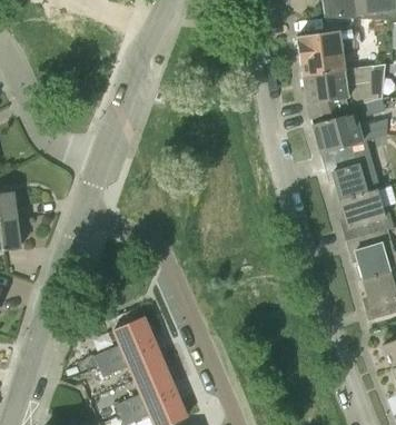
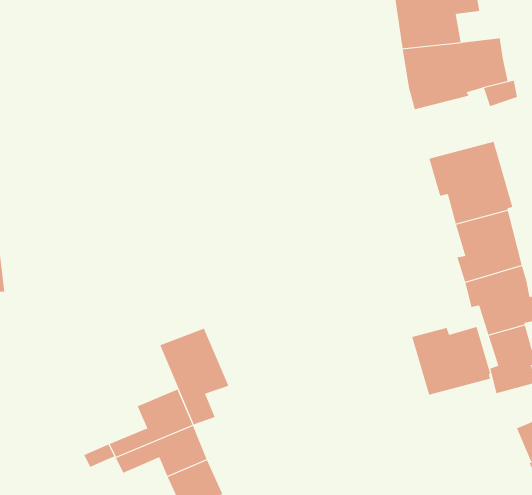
building: [313,112,388,152] -> none
building: none -> [412,326,491,396]
building: none -> [159,328,229,425]

